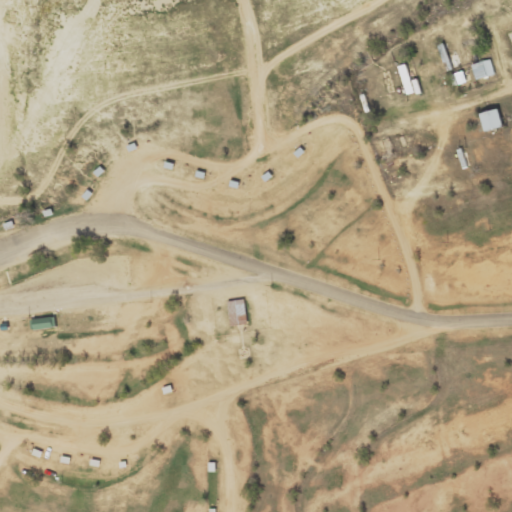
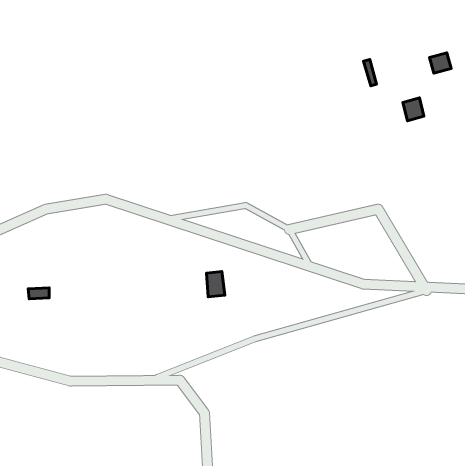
building: [479,108,502,133] -> [403,98,424,121]

